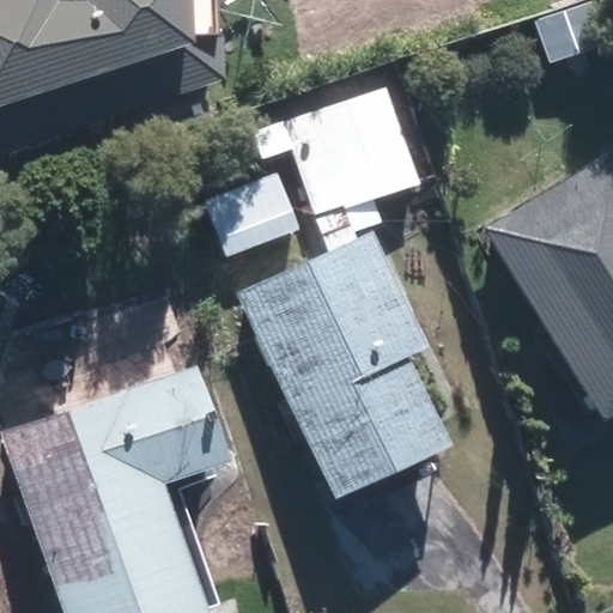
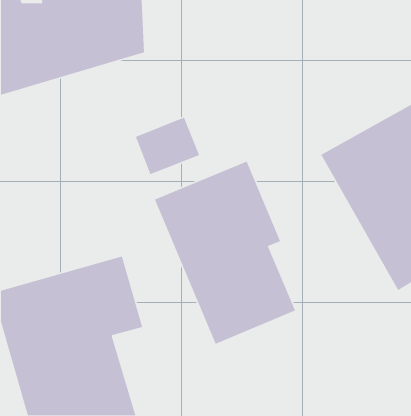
building: [290,84,427,214] -> none

